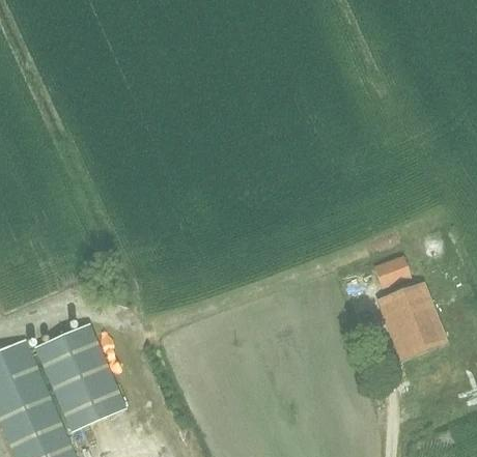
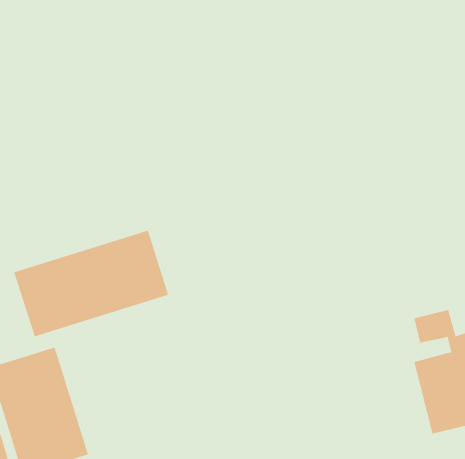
building: none -> [14,230,169,337]

